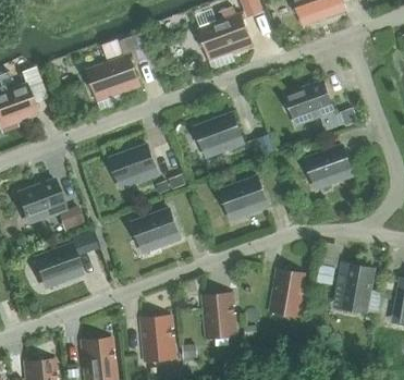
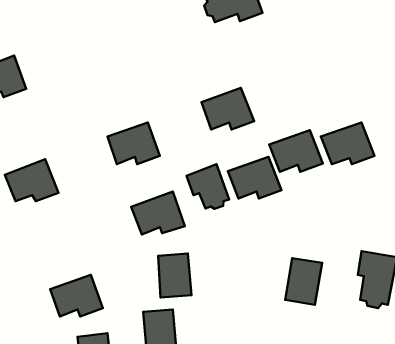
building: [86,57,139,96] -> none
building: [285,82,334,120] -> [269,130,323,172]
building: none -> [186,164,229,209]
building: [34,245,82,283] -> [50,275,103,317]
building: [205,294,235,334] -> [158,253,191,298]

